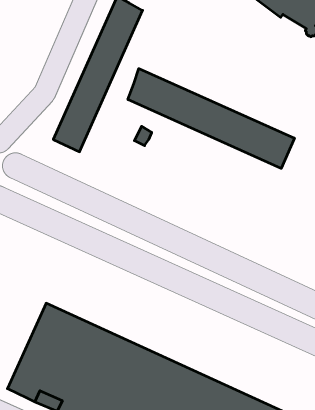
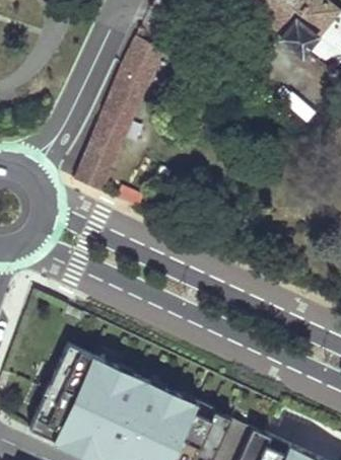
building: [128,69,294,168] -> none

